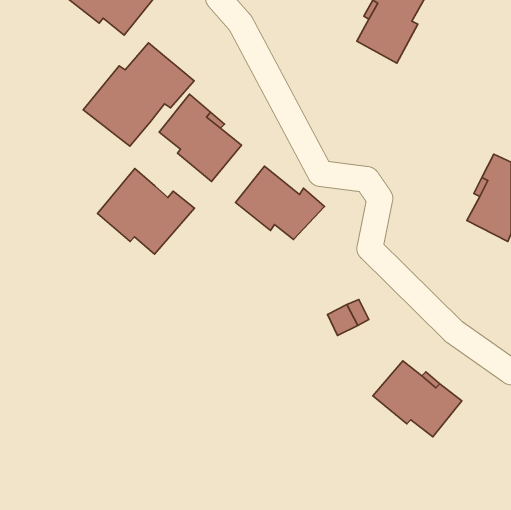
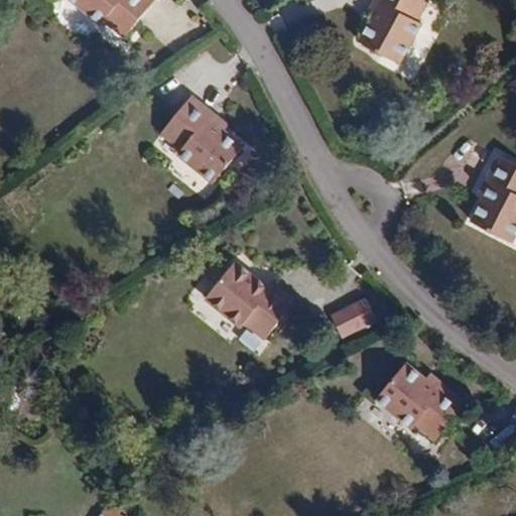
building: [83,43,194,146] -> none
building: [235,166,325,239] -> [205,262,294,336]
building: [97,168,194,254] -> none

